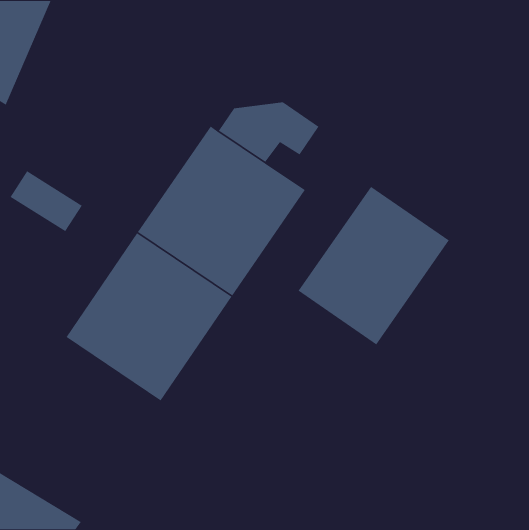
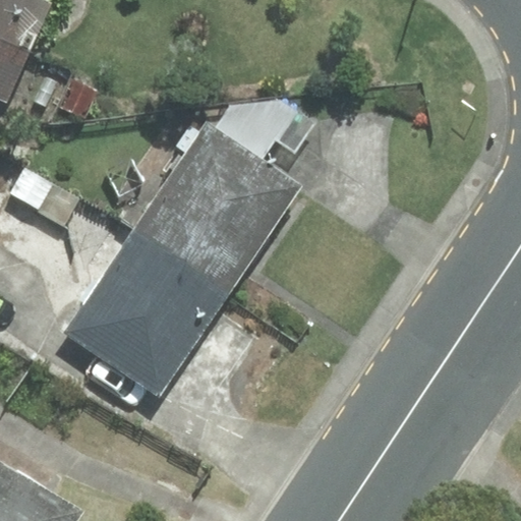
building: [298,186,450,345] -> none

